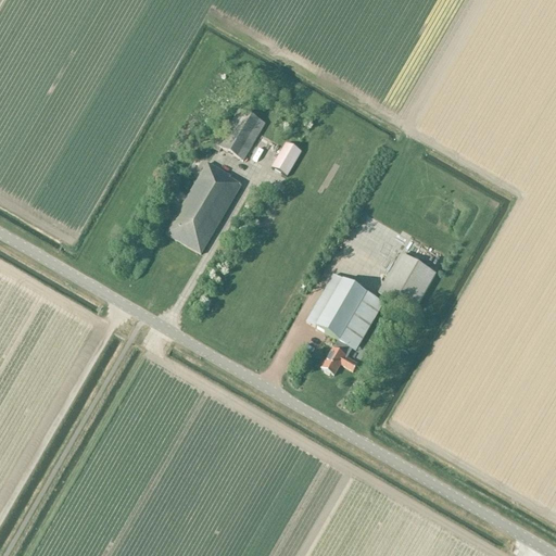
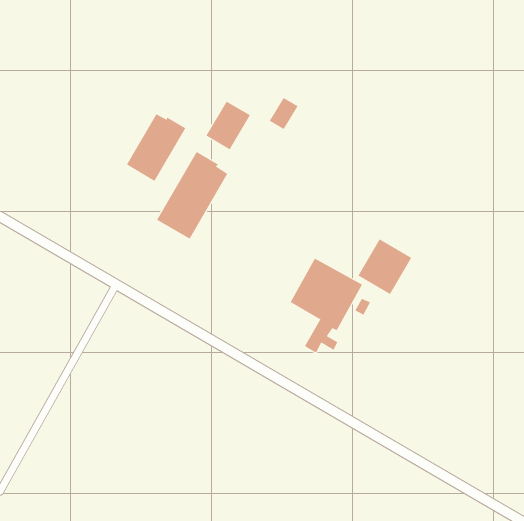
building: none -> [126,114,186,182]
building: [271,140,303,175] -> [269,97,299,130]

